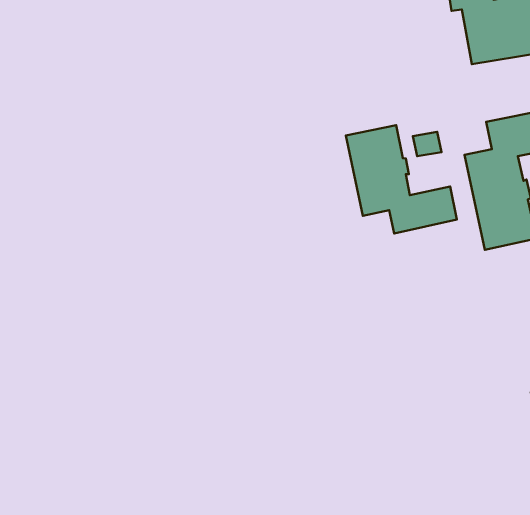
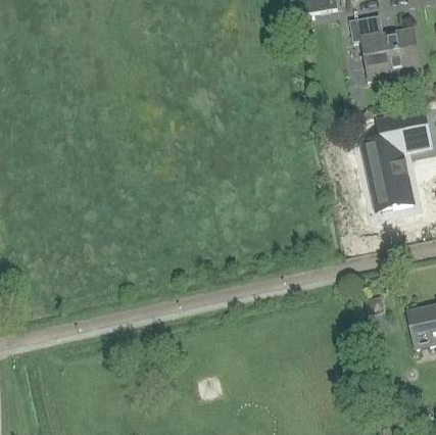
building: [346,125,457,233] -> none

